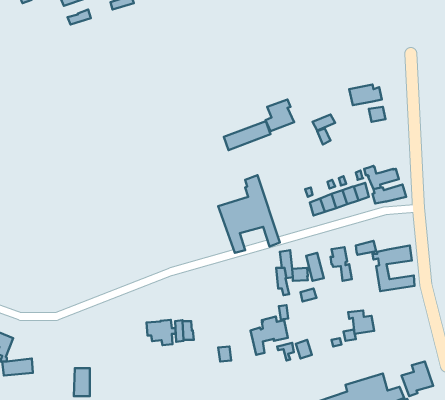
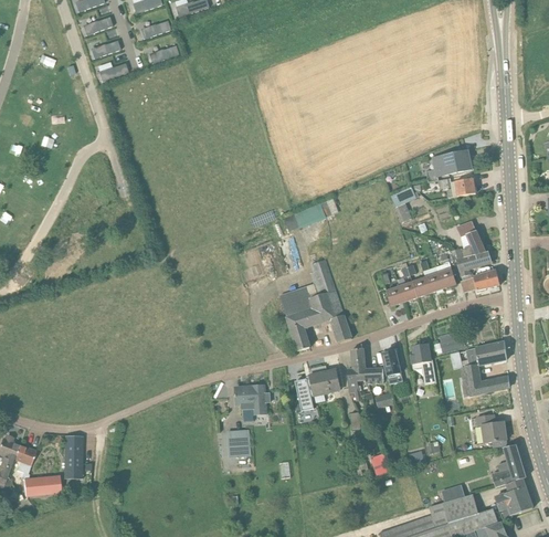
building: [265,100,294,131] -> none
building: none -> [456,221,485,256]
building: [348,310,374,334] -> [476,414,507,442]
building: [251,316,288,355] -> [296,365,340,410]
building: [146,320,175,345] -> [235,385,270,414]
building: none -> [493,444,526,486]
building: [74,368,90,396] -> [64,443,83,476]

